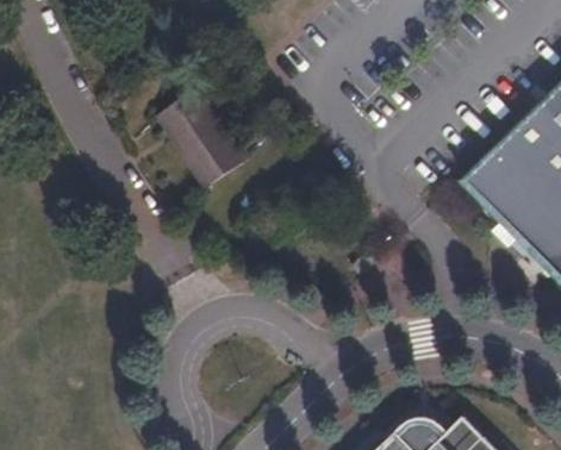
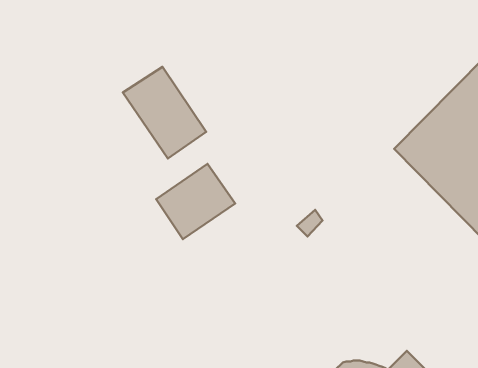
building: none -> [156,164,235,239]

